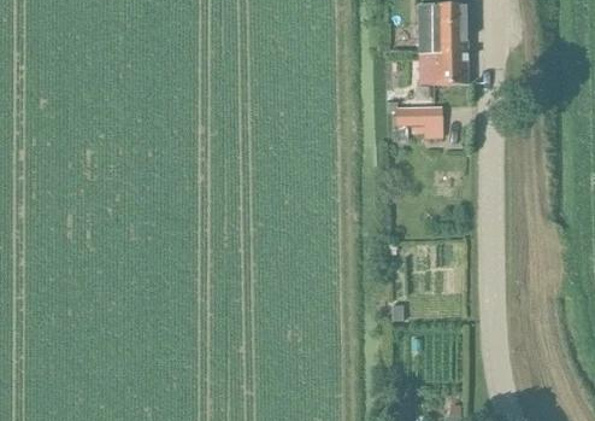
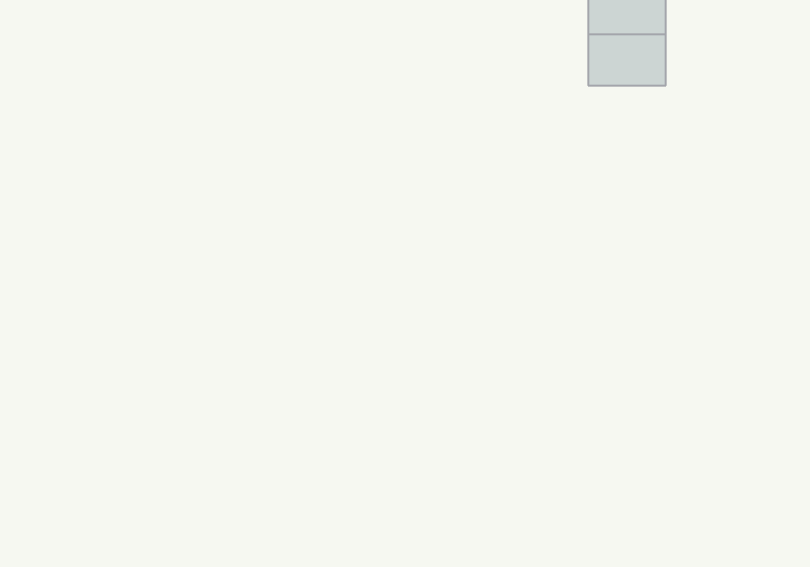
building: [396,105,443,136] -> none

